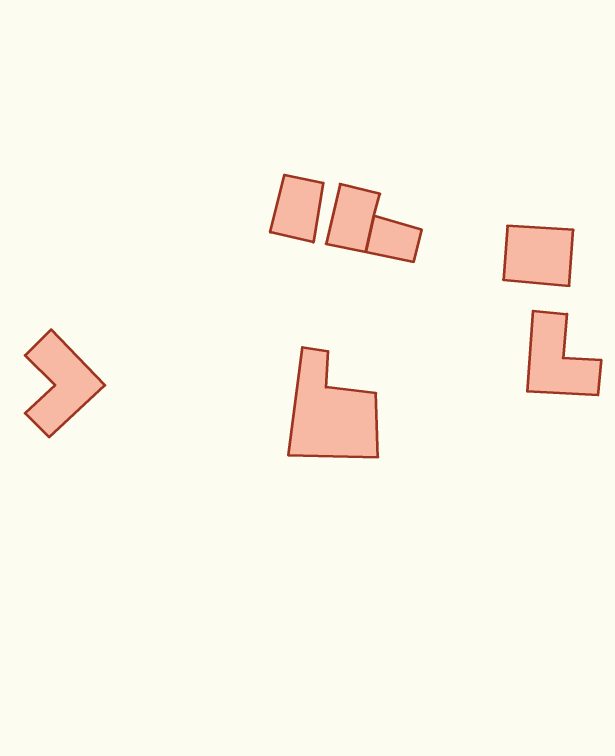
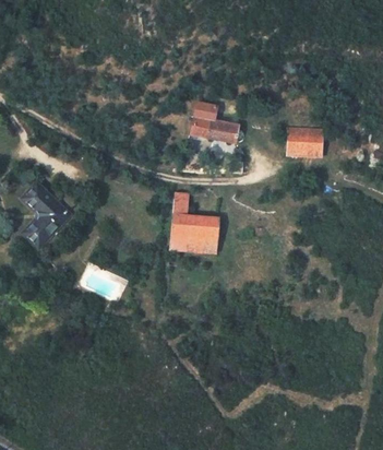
building: [270,175,323,242] -> none
building: [527,311,601,395] -> none

